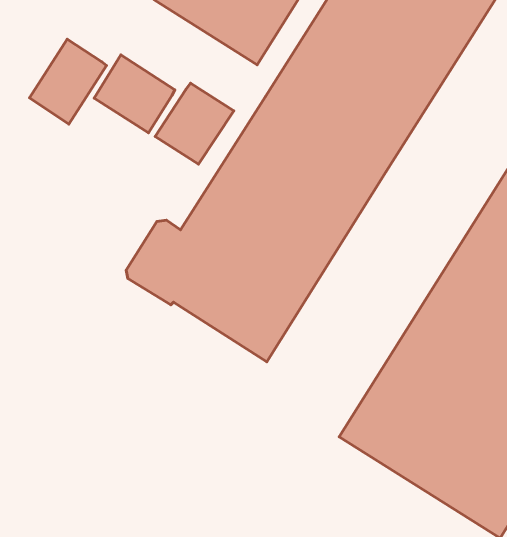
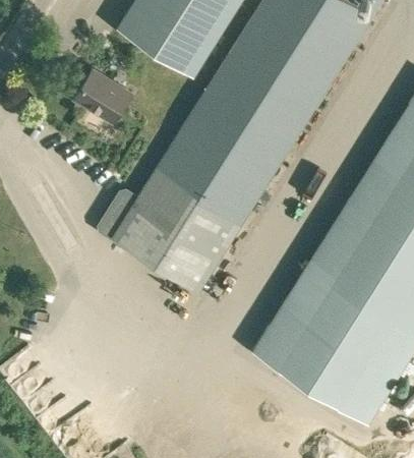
building: [30,39,106,124] -> none
building: [155,83,234,164] -> none

